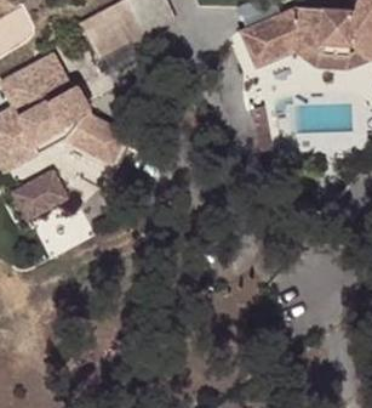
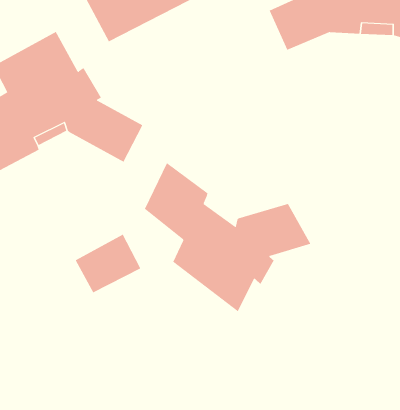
building: none -> [144,162,311,312]
building: [11,169,69,221] -> [75,234,141,293]

